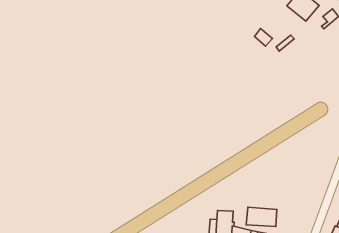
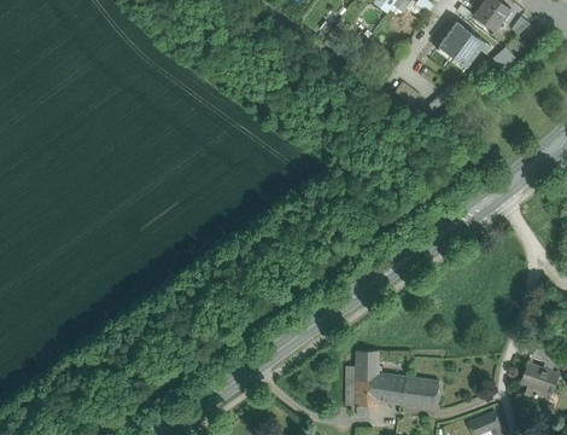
building: [246,207,277,226] -> none

